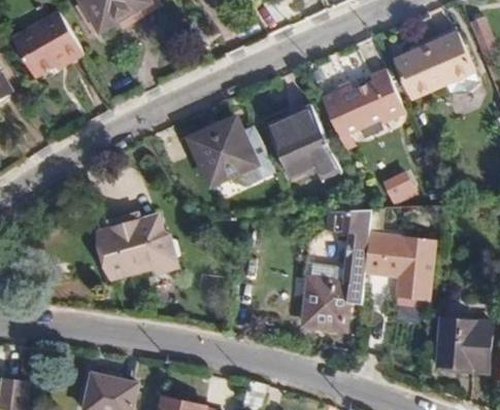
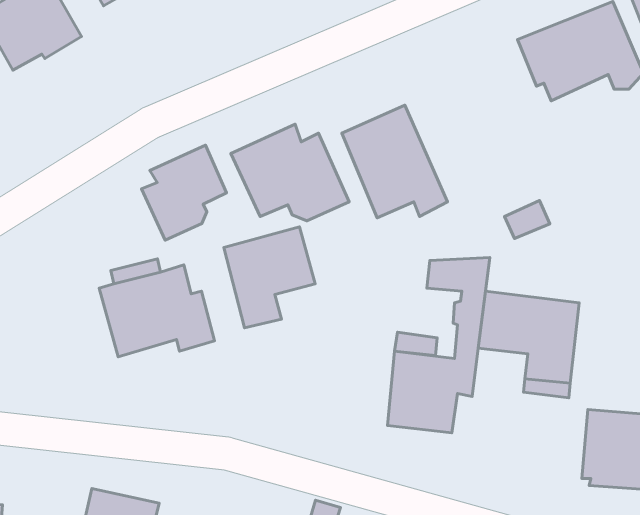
building: [321,68,404,149] -> none
building: none -> [141,145,226,240]
building: none -> [224,227,315,328]

